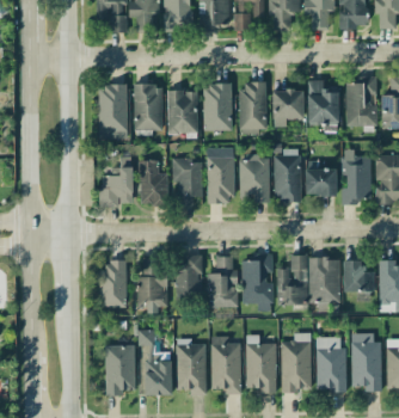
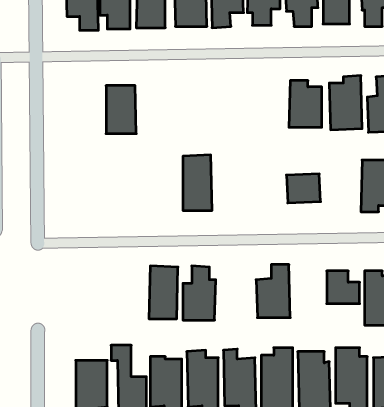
building: [240,81,266,133] -> none
building: [98,84,128,140] -> none
building: [202,84,232,130] -> none
building: [272,90,303,127] -> none
building: [167,91,198,134] -> none
building: [274,149,300,201] -> none
building: [340,155,370,203] -> none
building: [99,156,133,205] -> none
building: [238,156,269,203] -> none
building: [172,159,202,205] -> none
building: [139,160,167,204] -> none
building: [241,253,272,312] -> none
building: [137,257,167,313] -> none
building: [308,258,339,302] -> none
building: [98,259,127,308] -> none

